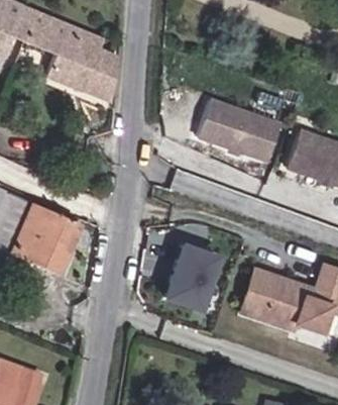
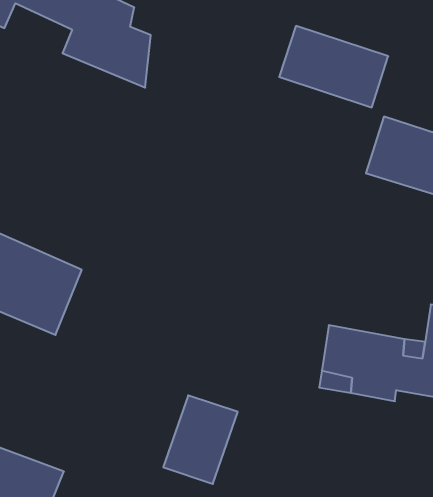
building: [189,96,268,156] -> [279,26,388,107]
building: [153,244,208,309] -> [163,395,238,484]

